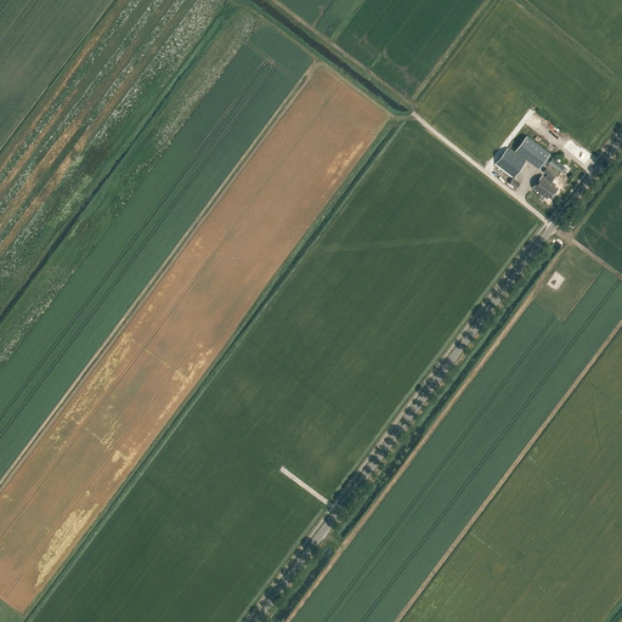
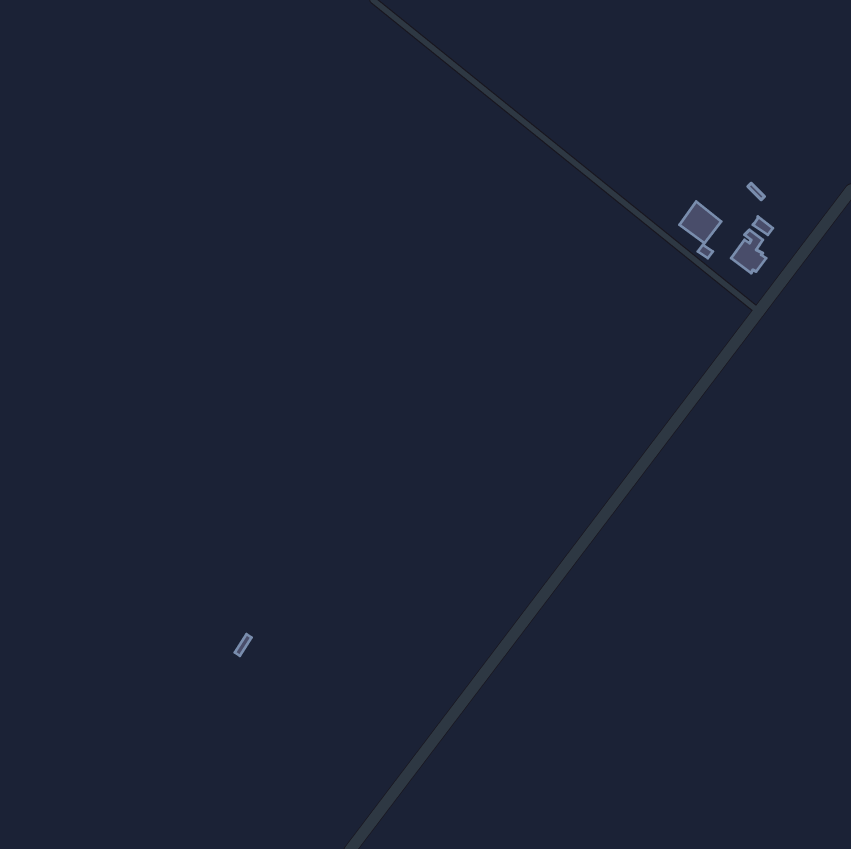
building: [515,136,550,170] -> none

